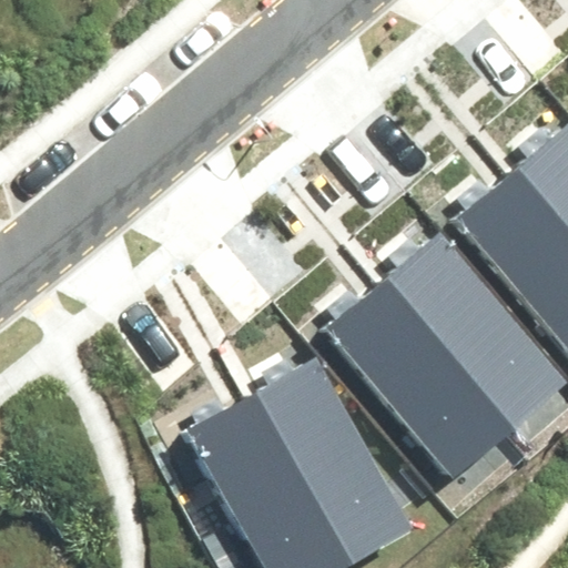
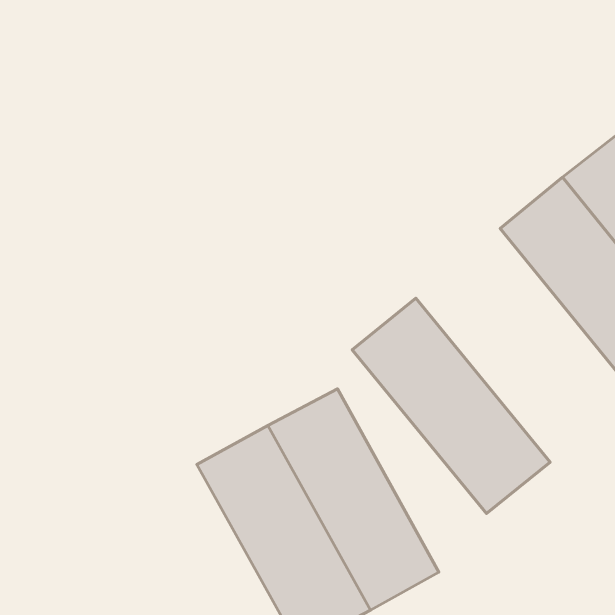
building: [386,235,562,428] -> none

